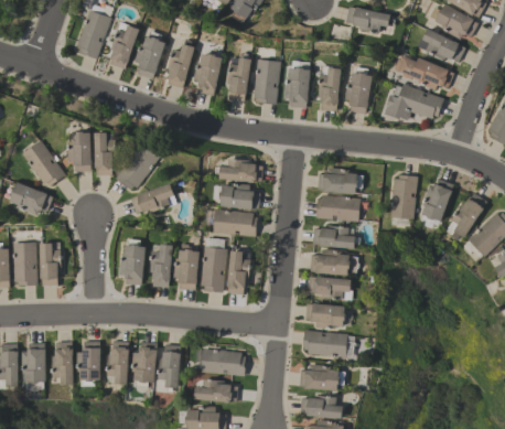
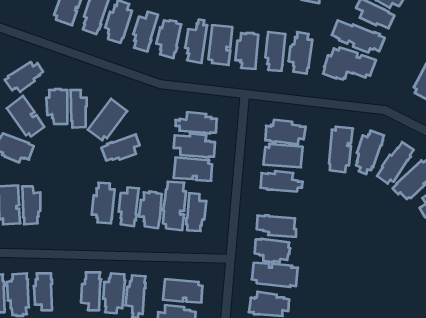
building: none -> [5,62,43,92]
building: [309,249,358,275] -> none
building: [76,341,100,386] -> none

